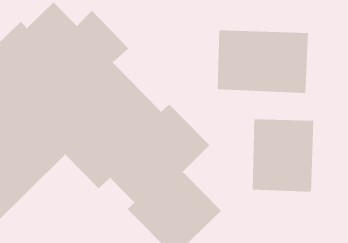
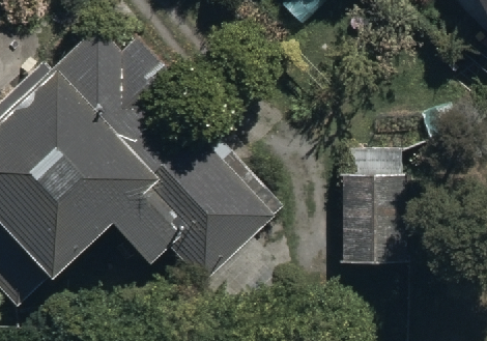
building: [217,29,309,94] -> none

